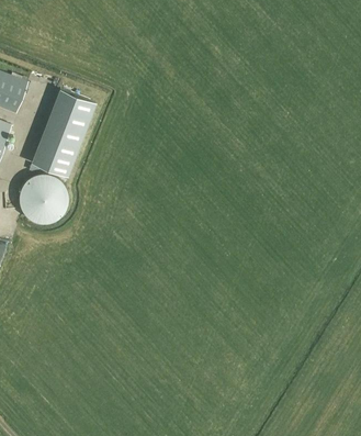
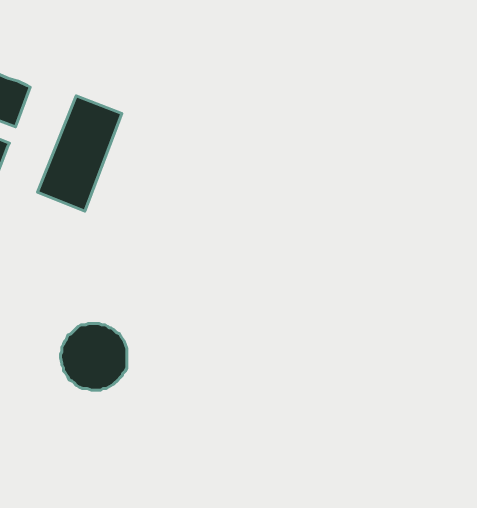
building: [18,172,67,222] -> [60,323,127,390]

